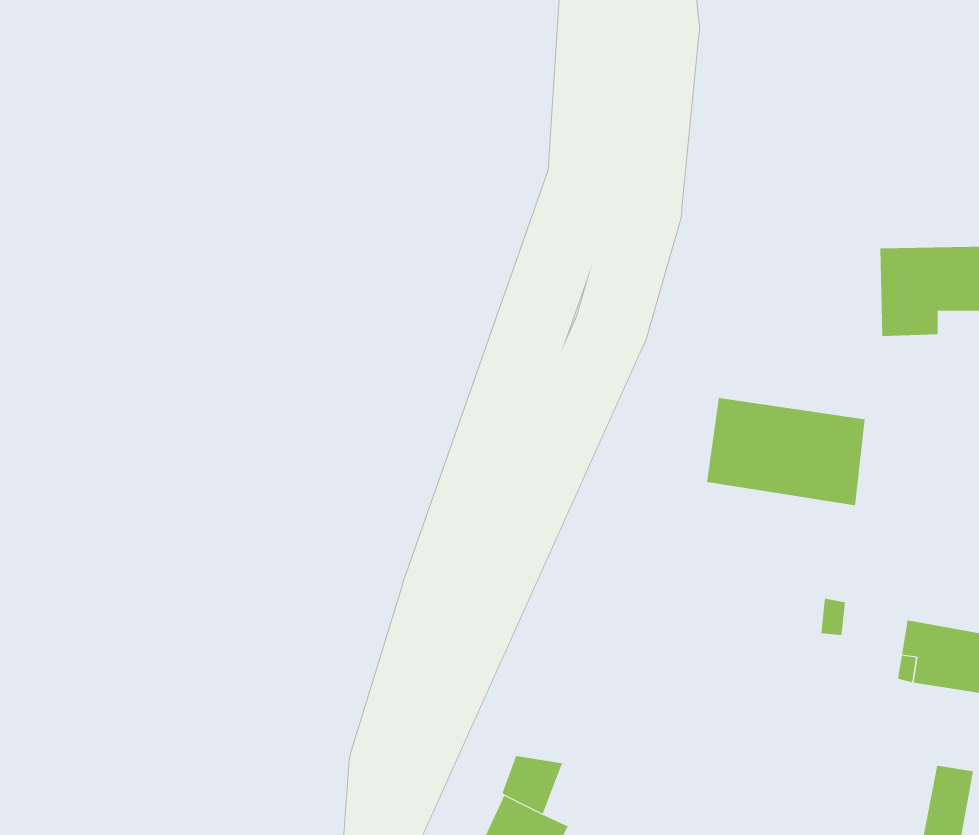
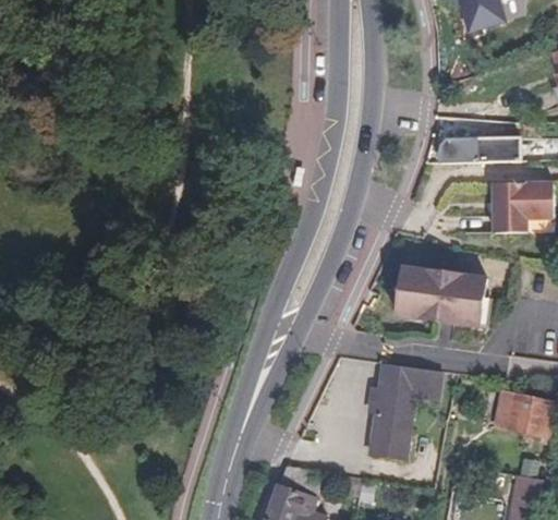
building: none -> [437,135,520,164]
building: none -> [368,361,438,455]

